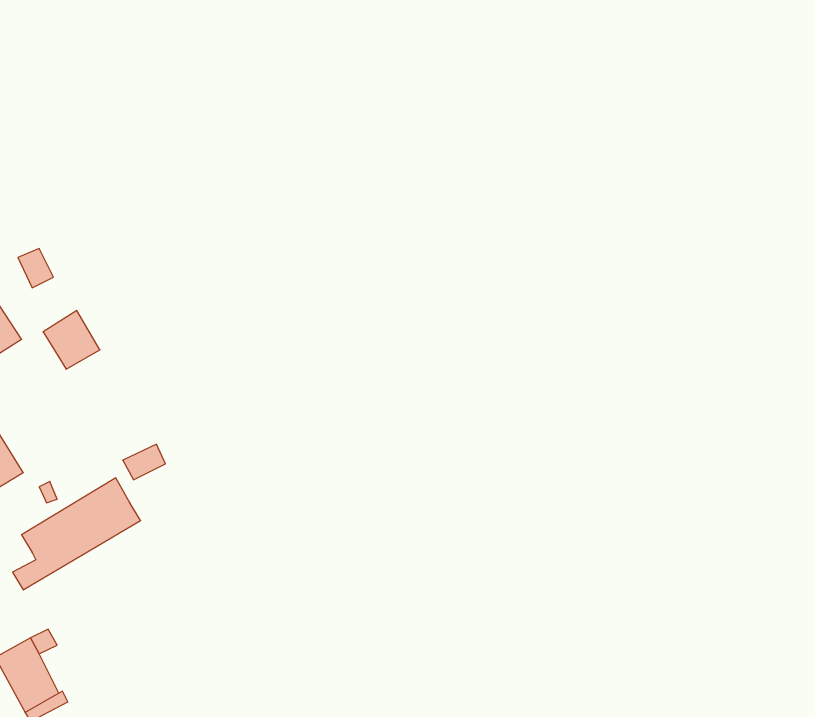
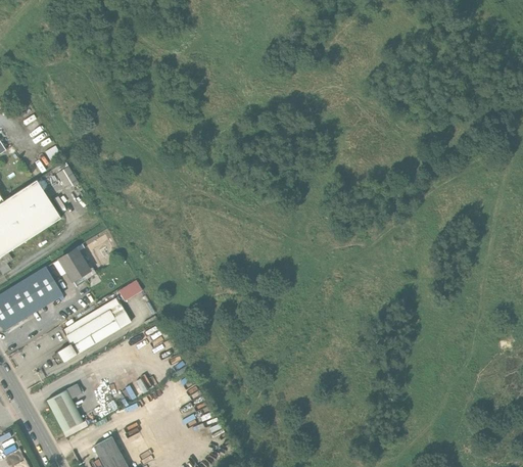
building: [43,311,100,369] -> [57,248,90,282]

